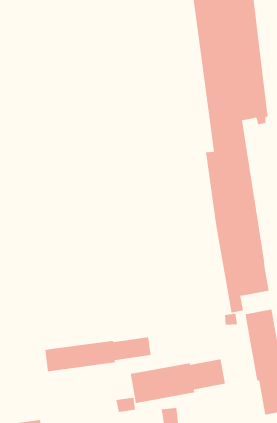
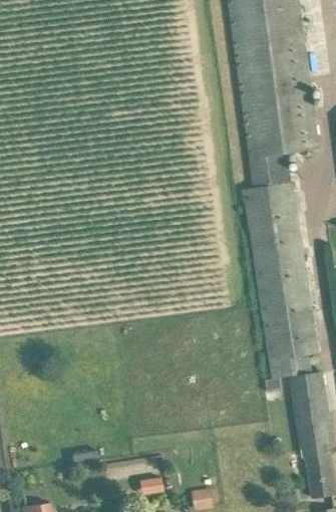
building: [45,336,151,372] -> none
building: [130,358,226,404] -> none

